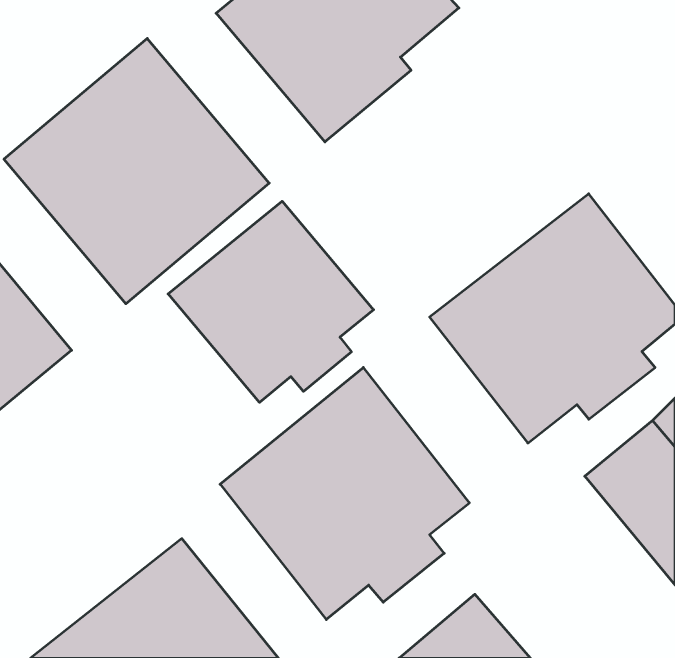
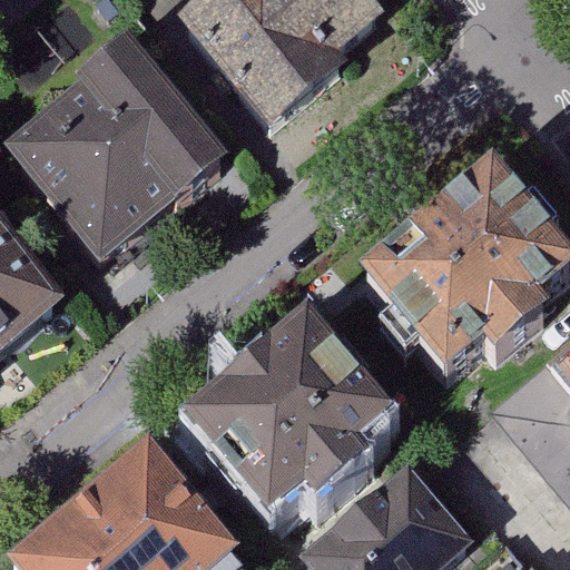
building: [168,201,374,402] -> none

